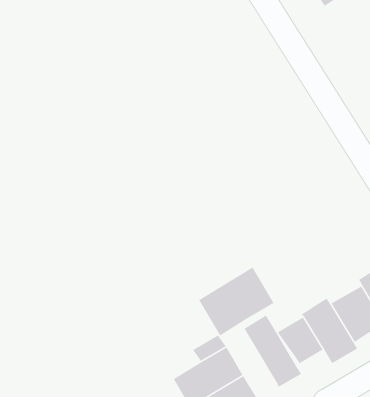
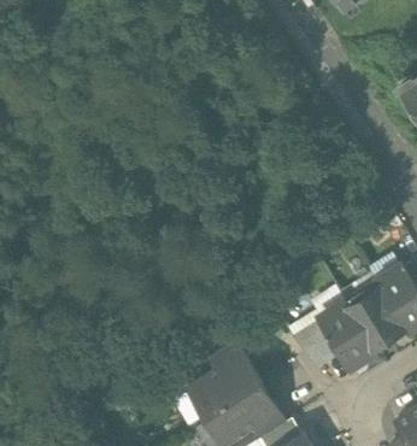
building: [198,266,274,336] -> none
building: [243,314,302,388] -> none

